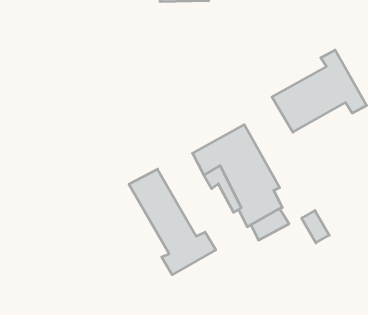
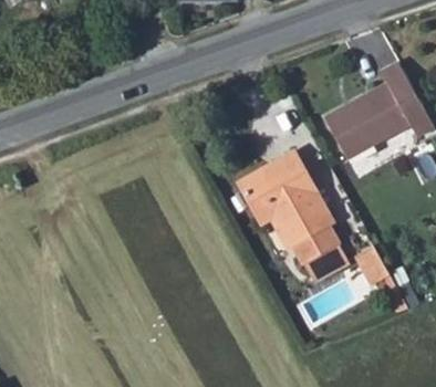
building: [129,169,216,275] -> none

